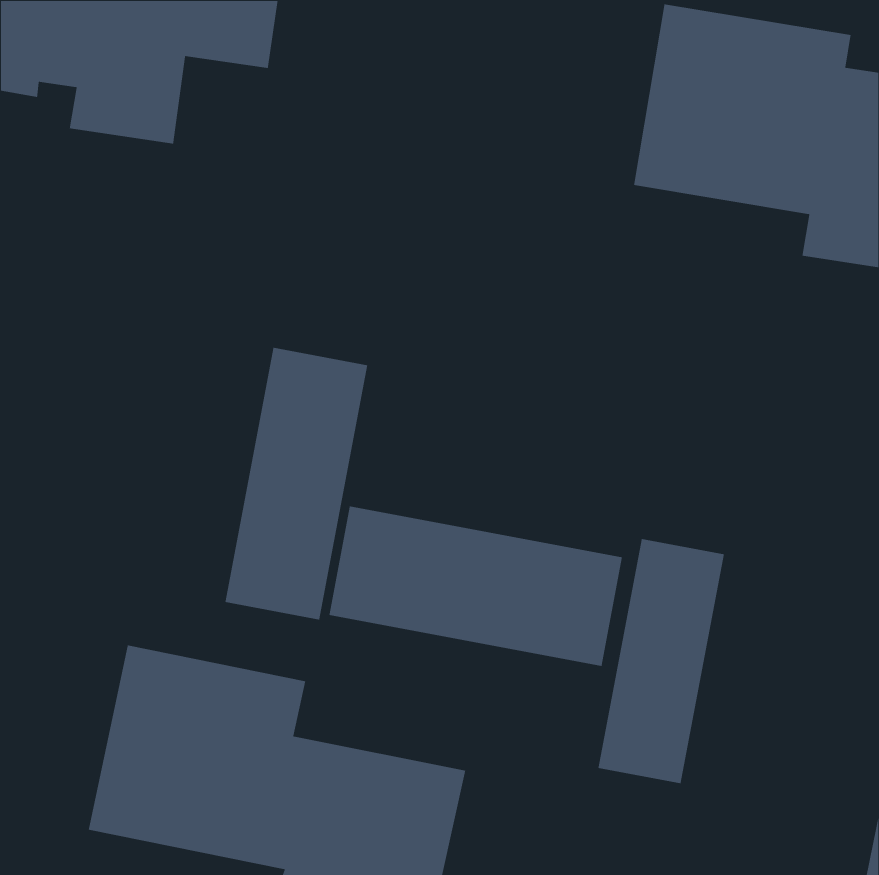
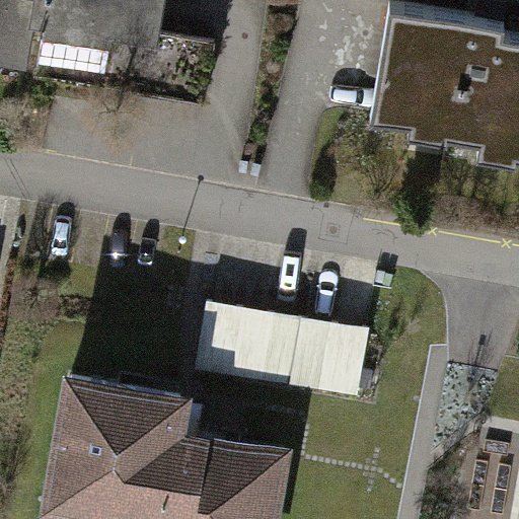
building: [224,347,368,621] -> none
building: [598,538,725,784] -> none

